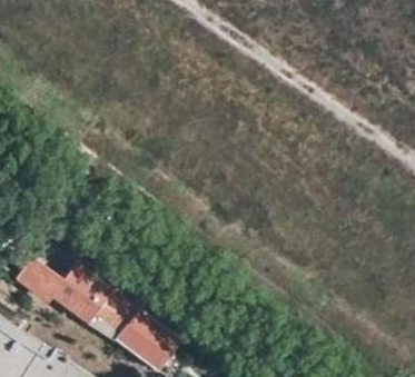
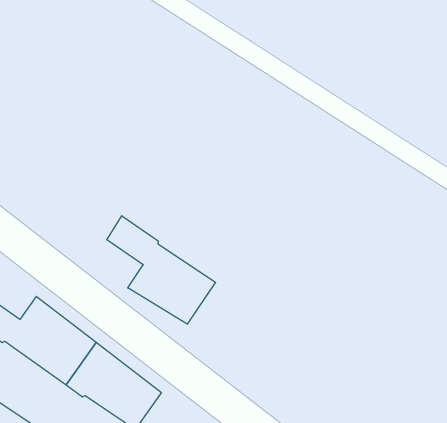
building: none -> [107,216,216,324]

